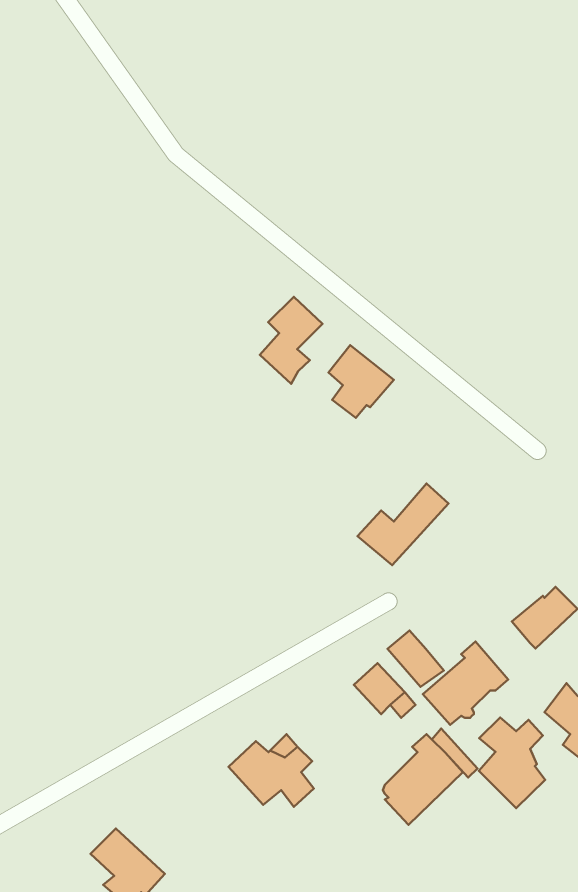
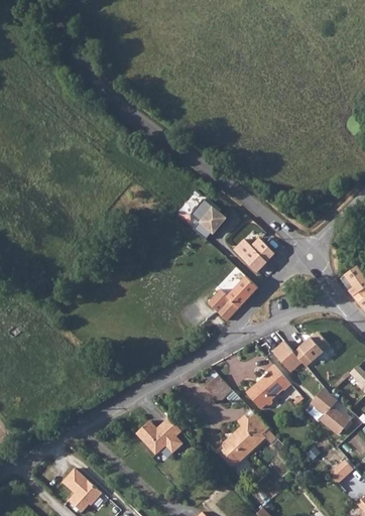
building: [260,297,323,384] -> none
building: none -> [234,236,274,270]
building: [388,631,444,687] -> [271,342,302,373]
building: [479,717,545,808] -> none

